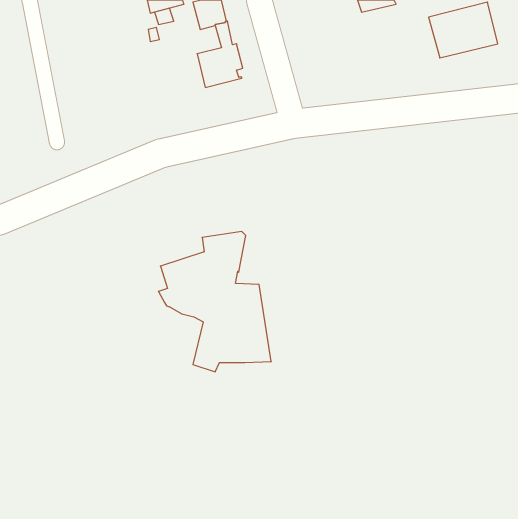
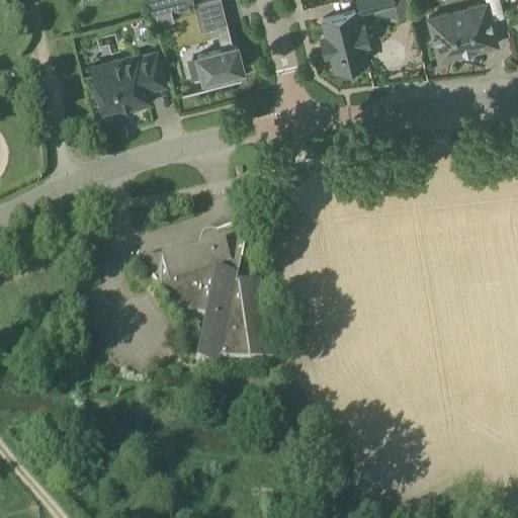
building: none -> [320,10,368,71]
building: none -> [90,51,165,110]

